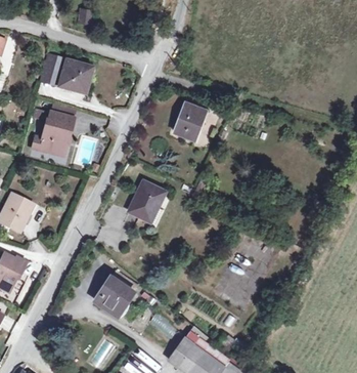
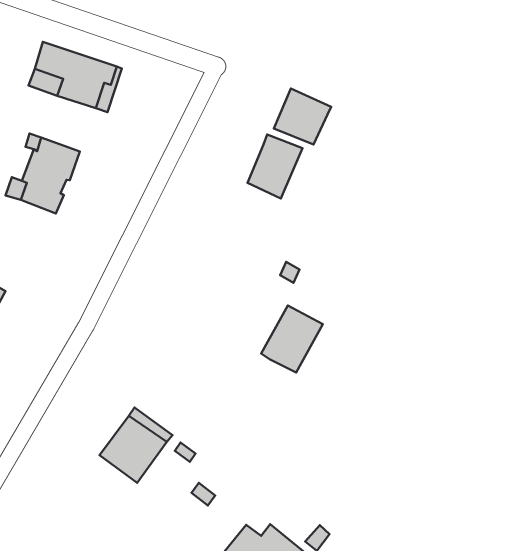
building: none -> [274,89,331,145]
building: [129,180,165,220] -> [261,305,323,372]

